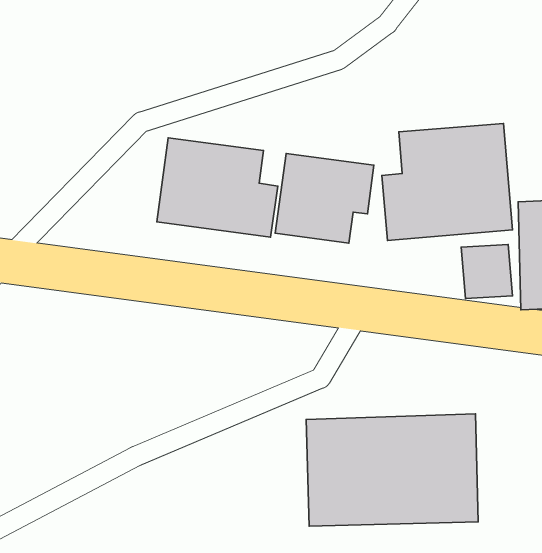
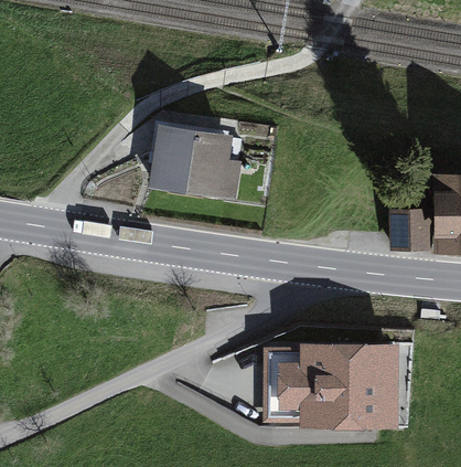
building: [382,123,512,240] -> none
building: [275,153,374,243] -> none

